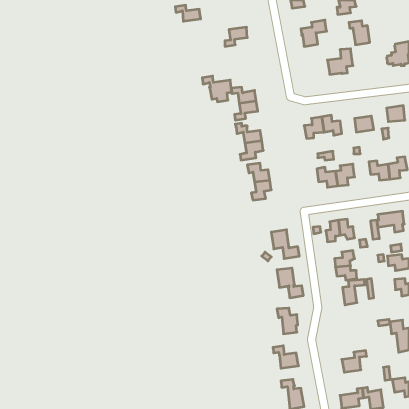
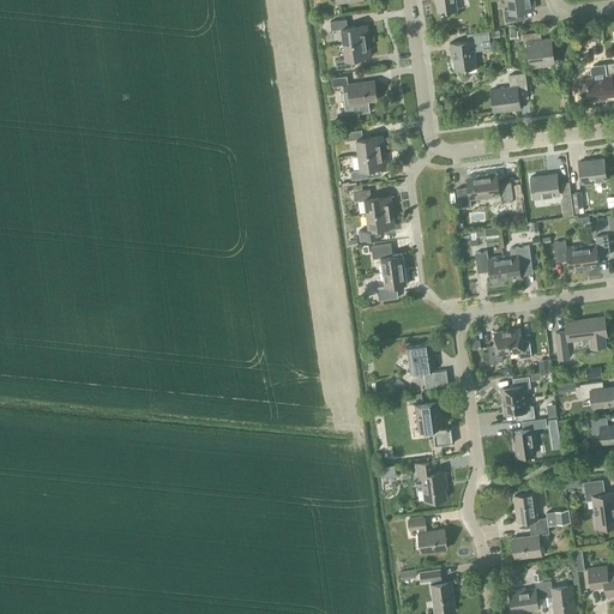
building: [175,5,201,21] -> [331,20,369,44]
building: [202,76,232,102] -> [332,76,377,114]
building: none -> [514,493,570,528]

